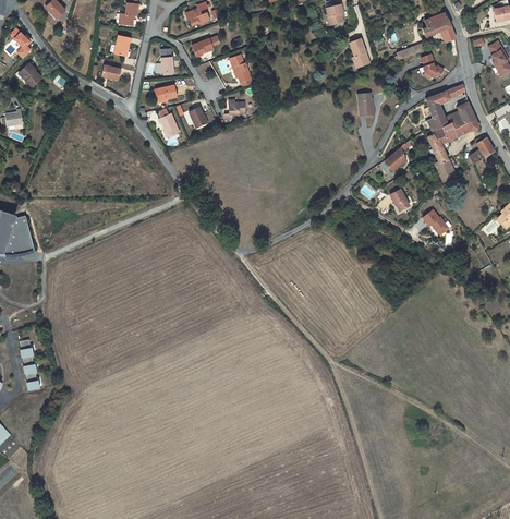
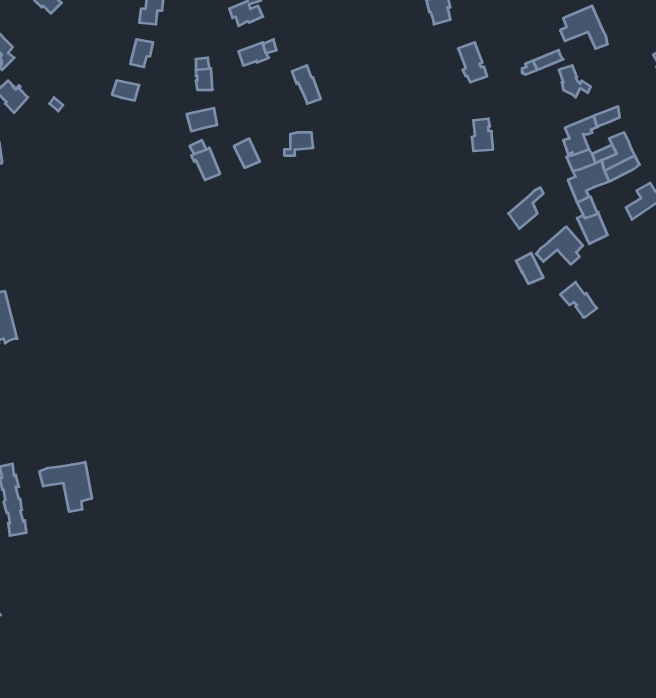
building: none -> [536,227,583,264]
building: none -> [40,462,92,512]

